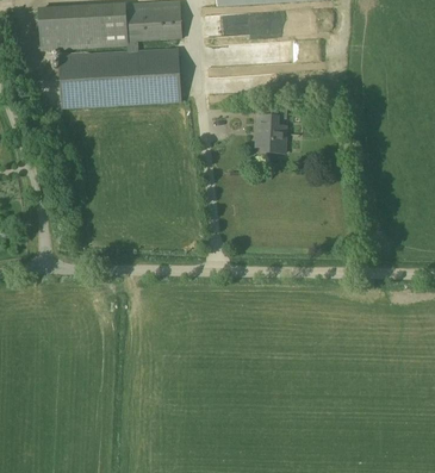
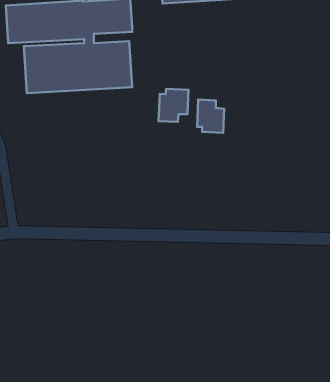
building: none -> [159,89,189,122]

